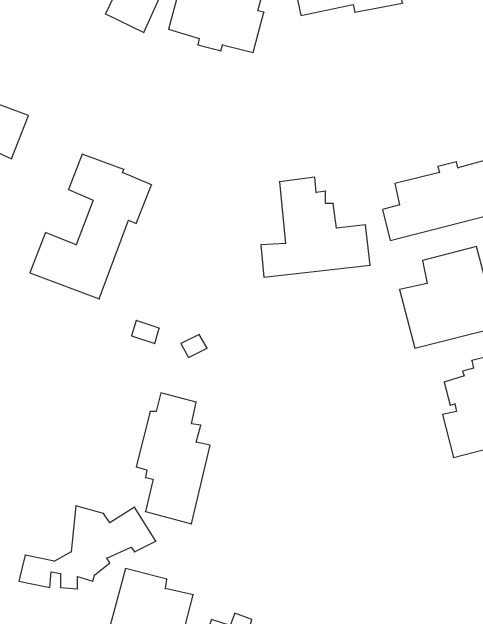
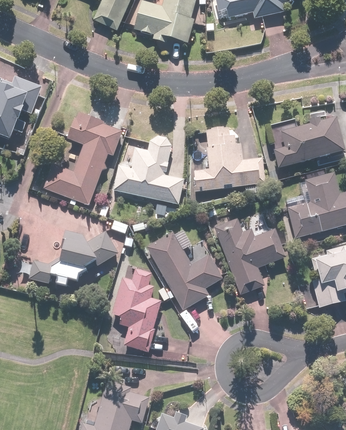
building: none -> [112,135,183,204]
building: none -> [212,214,285,294]
building: none -> [147,228,222,307]
building: [19,506,156,589] -> [29,234,118,288]

